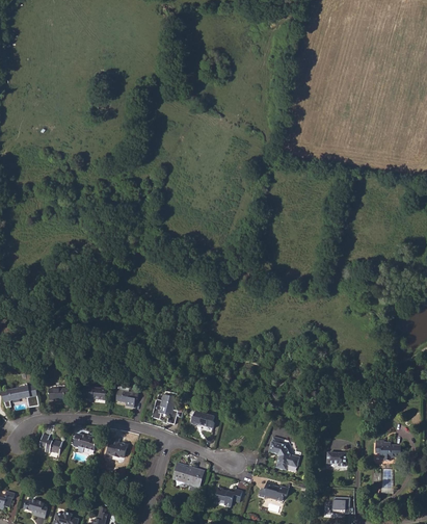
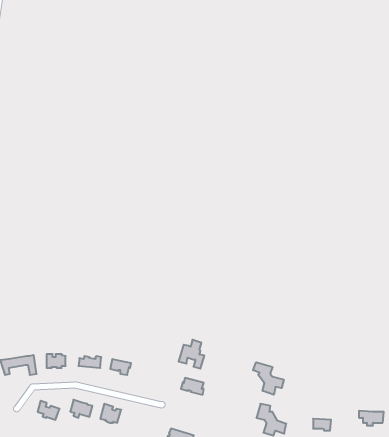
building: none -> [253,362,284,395]
building: [151,394,178,424] -> [179,340,204,369]

